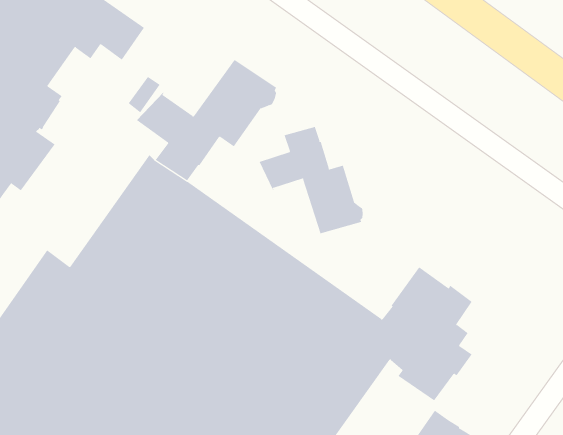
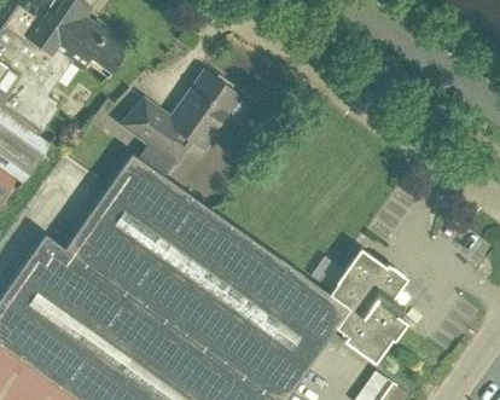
building: [259,126,363,234] -> none

